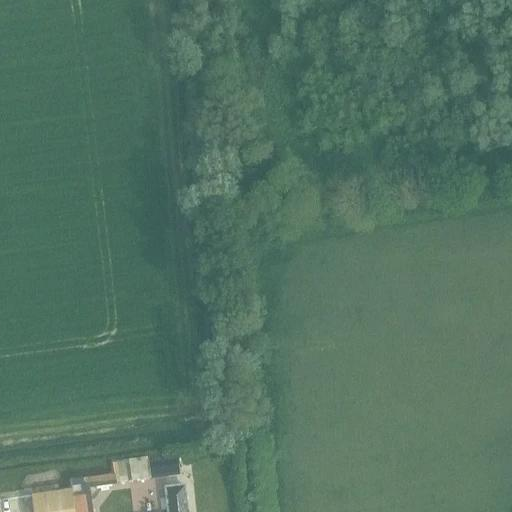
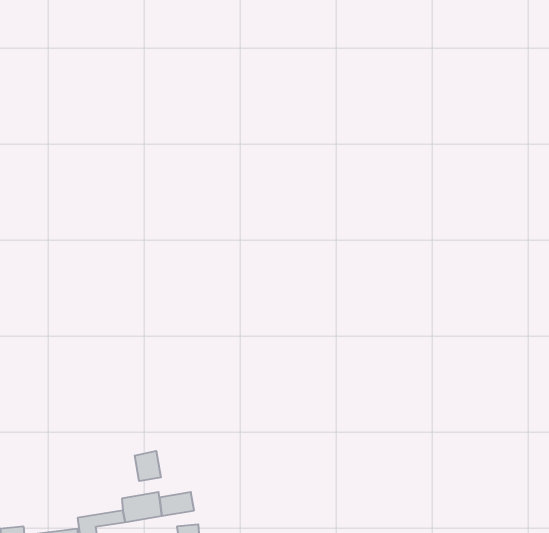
building: none -> [135,451,161,481]

